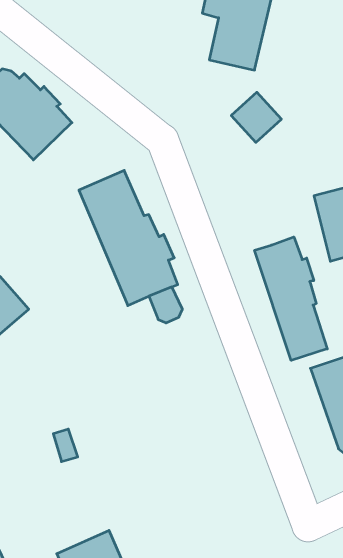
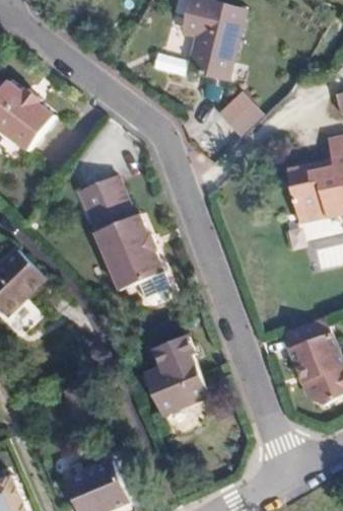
building: [255,237,327,360] -> none
building: none -> [140,324,206,407]

